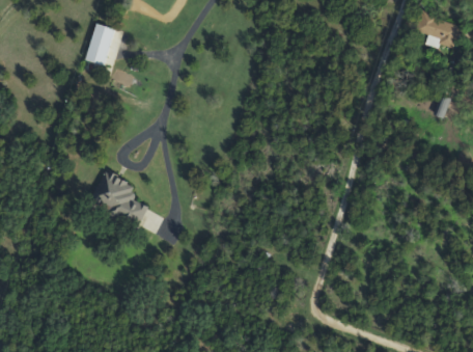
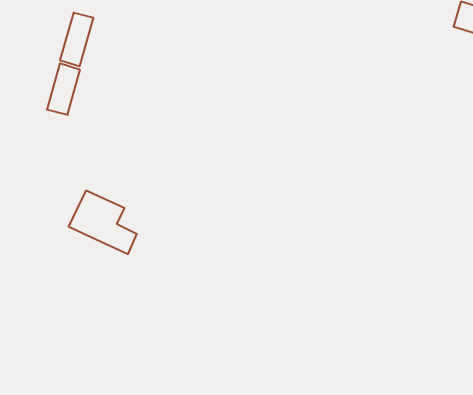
building: none -> [47,63,80,115]

